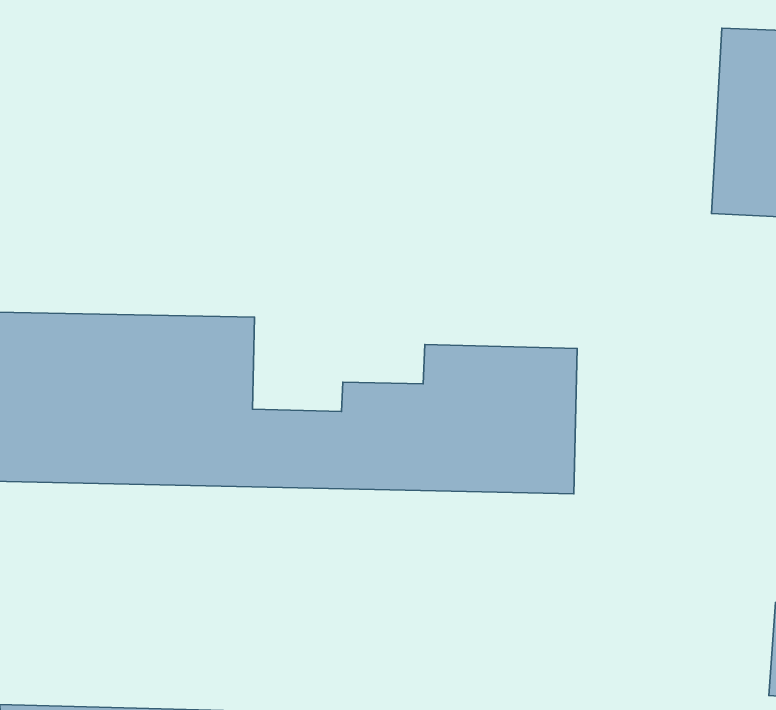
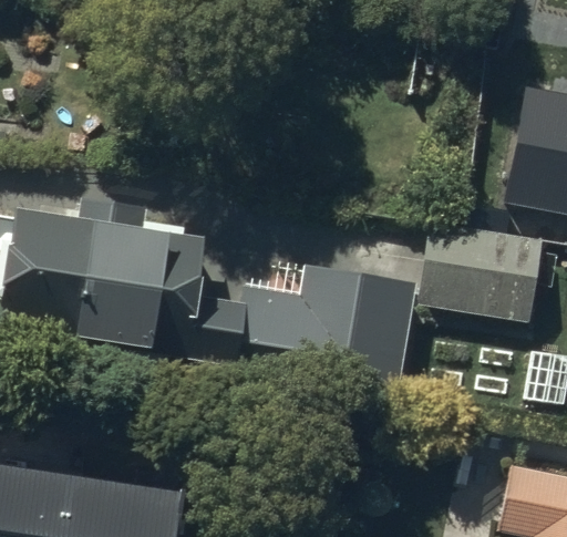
building: none -> [422,226,538,309]

